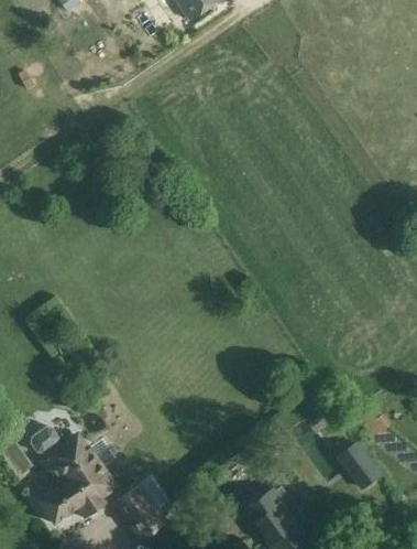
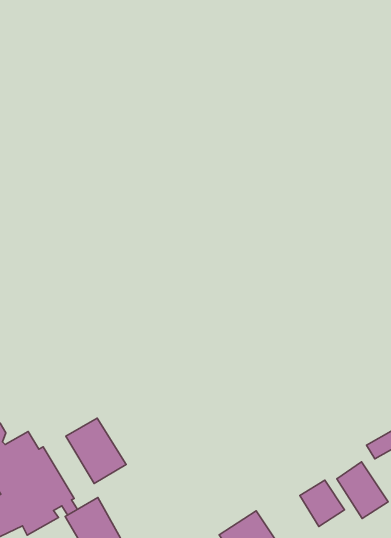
building: none -> [66,418,126,484]
building: none -> [300,480,344,526]

